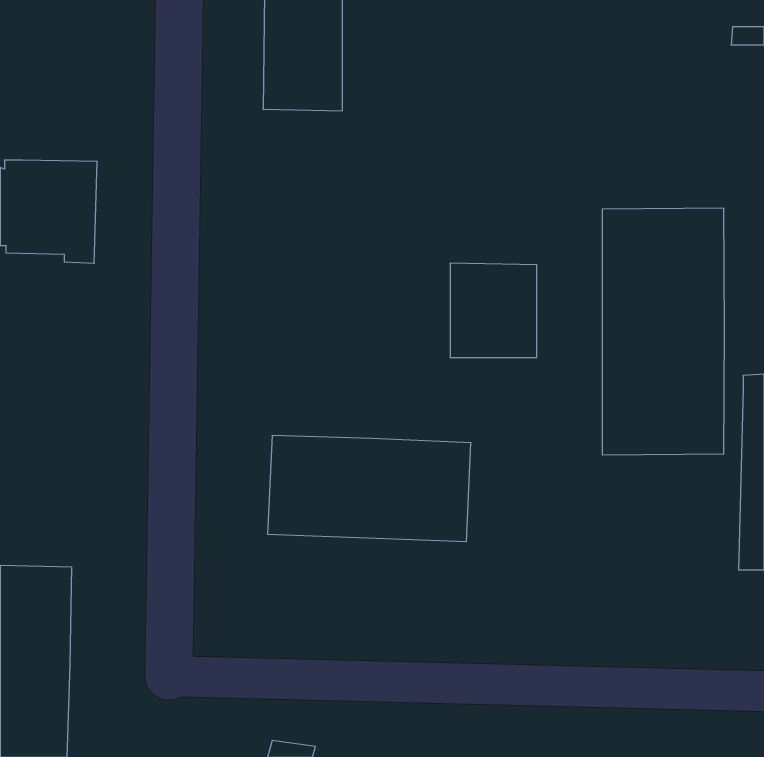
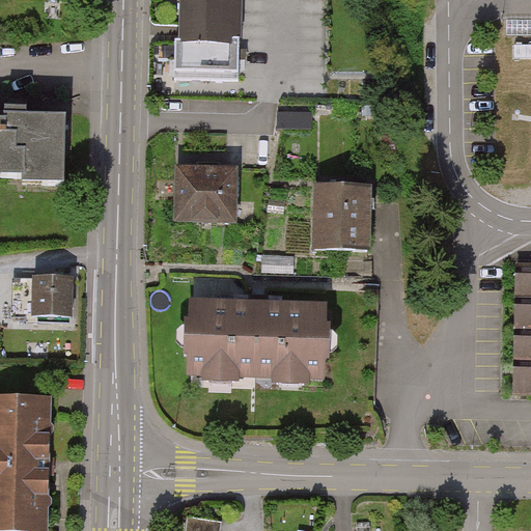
building: [603,208,724,455] -> none
building: none -> [179,168,233,220]
building: none -> [23,274,74,315]

